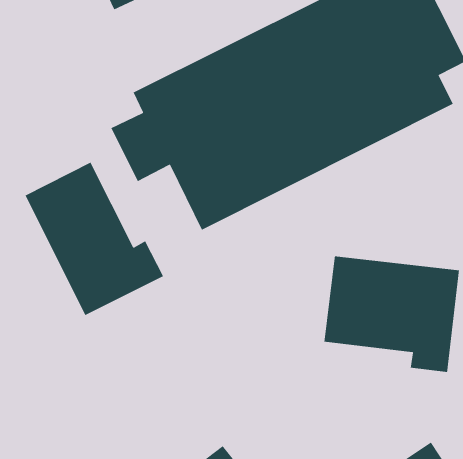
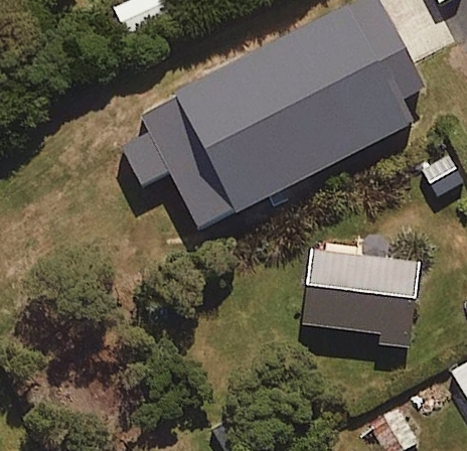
building: [24,161,164,316] -> none

